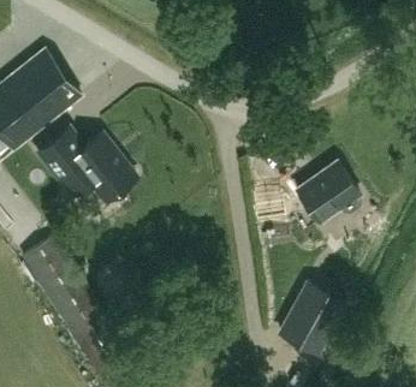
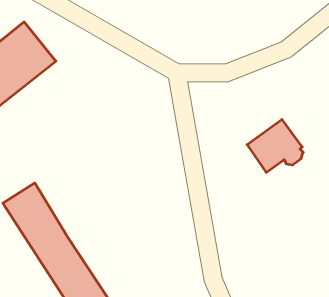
building: [40,125,135,202] -> none
building: [280,284,343,355] -> none

